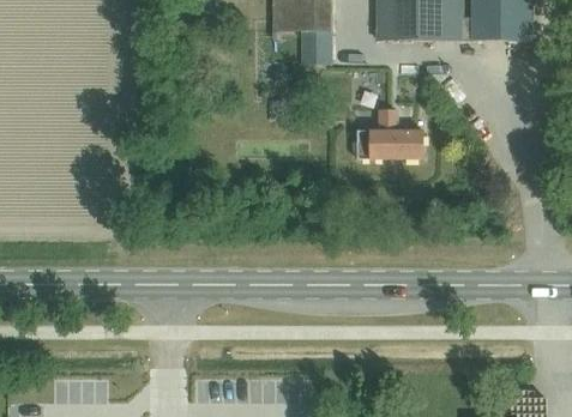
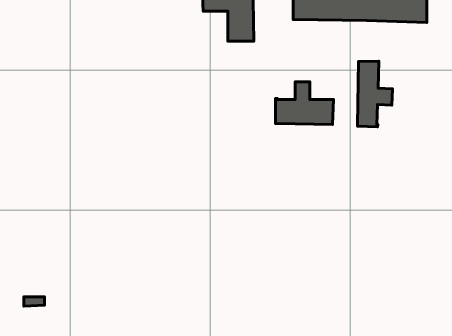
building: none -> [357,61,392,127]

